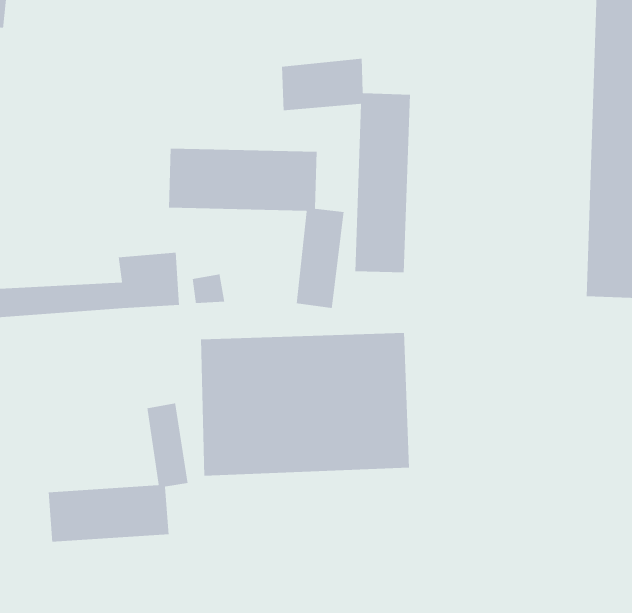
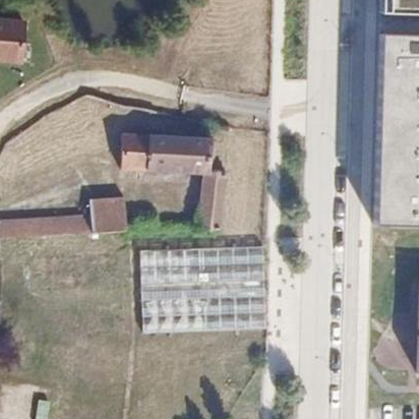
building: [281,58,411,273] -> none
building: [48,402,189,542] -> none

